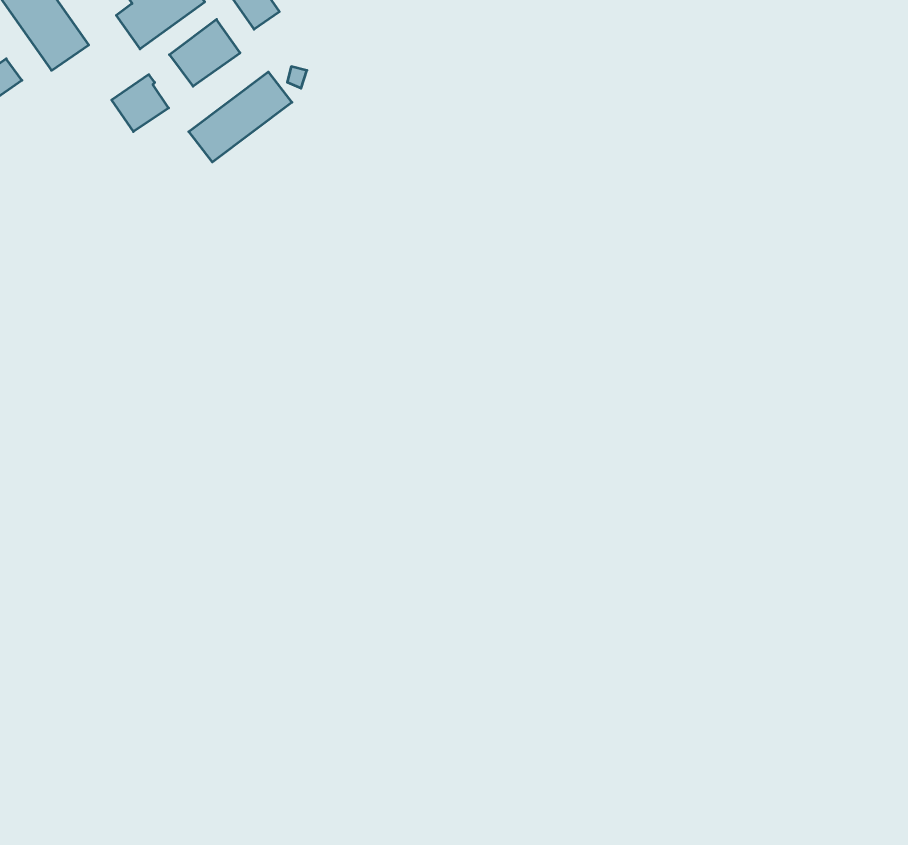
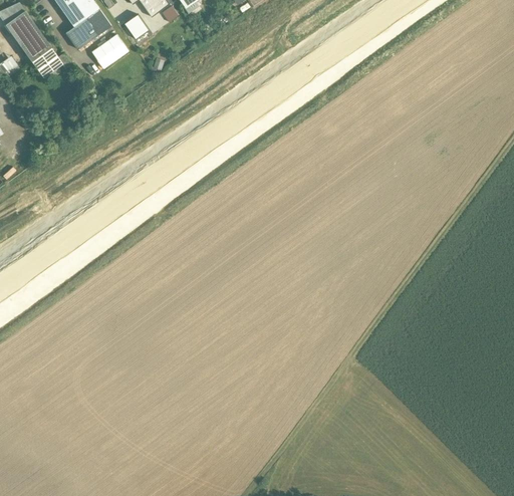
building: [189,72,292,162] -> none
building: [112,75,169,132] -> [31,47,60,76]

